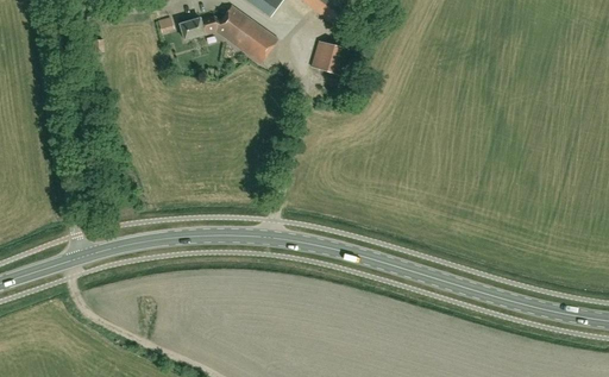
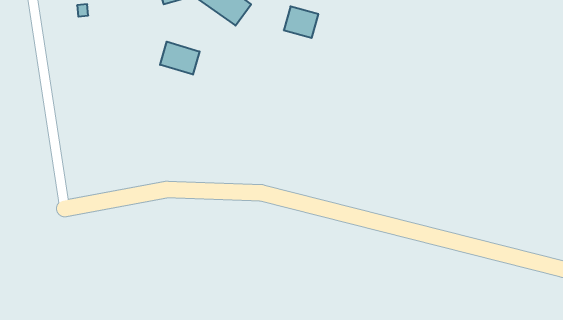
building: none -> [160,42,200,75]

